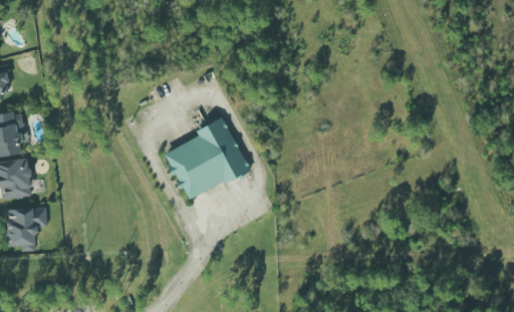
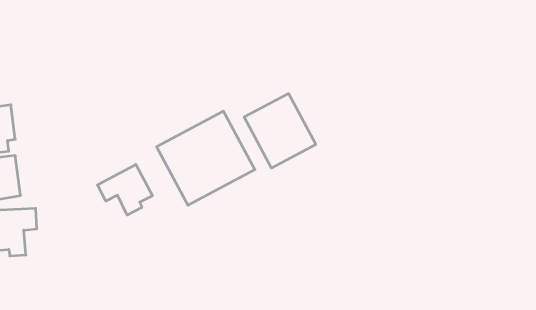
building: none -> [244,94,316,168]
building: none -> [97,164,152,215]

